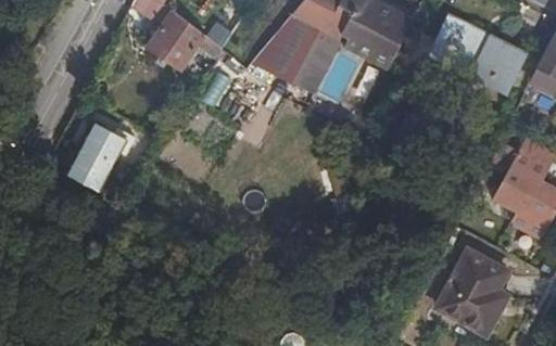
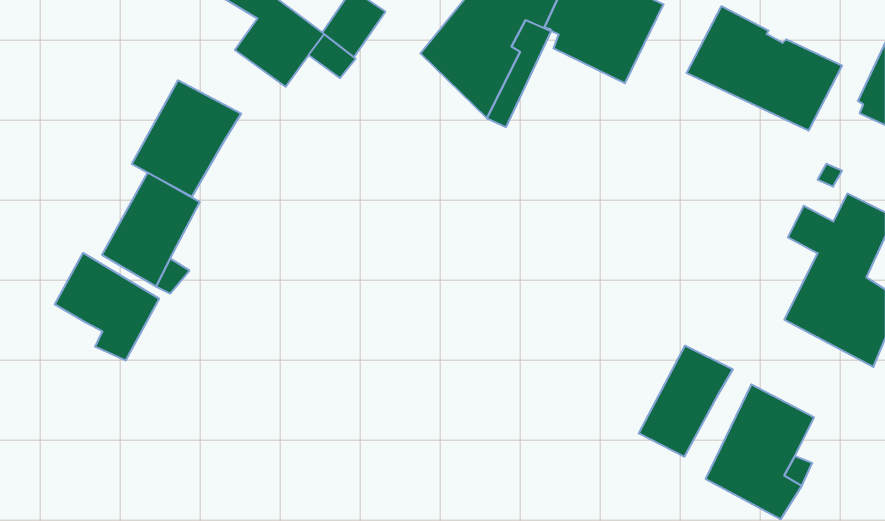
building: none -> [132,80,241,197]
building: none -> [55,253,159,361]
building: none -> [639,346,733,457]

